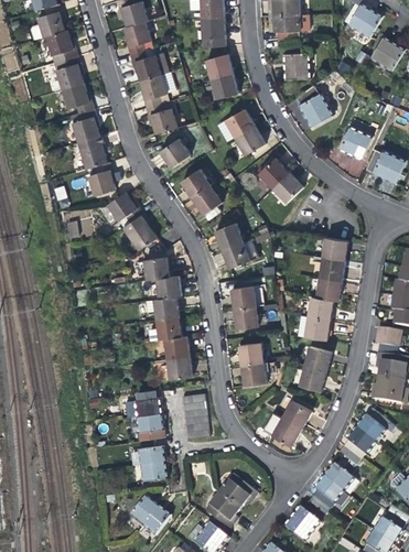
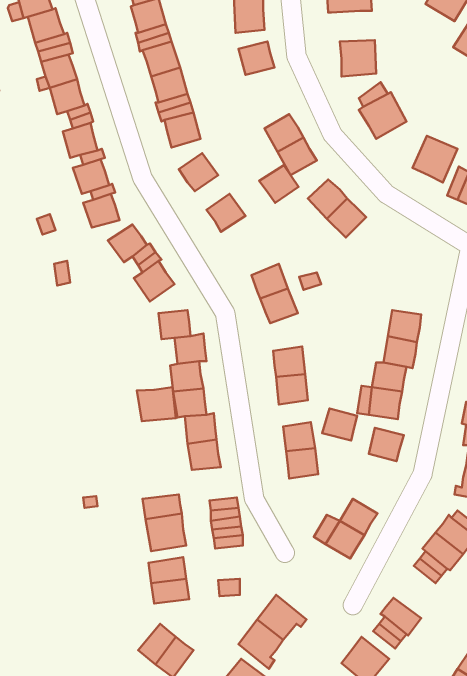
building: [211,74,238,99] -> none
building: [192,186,222,215] -> [259,165,298,203]
building: [322,238,347,261] -> none
building: none -> [137,387,176,421]
building: [299,367,325,391] -> [322,408,357,440]
building: [323,463,354,491] -> none

